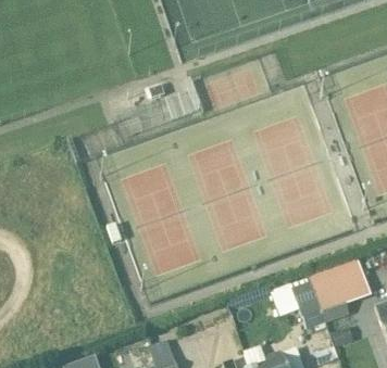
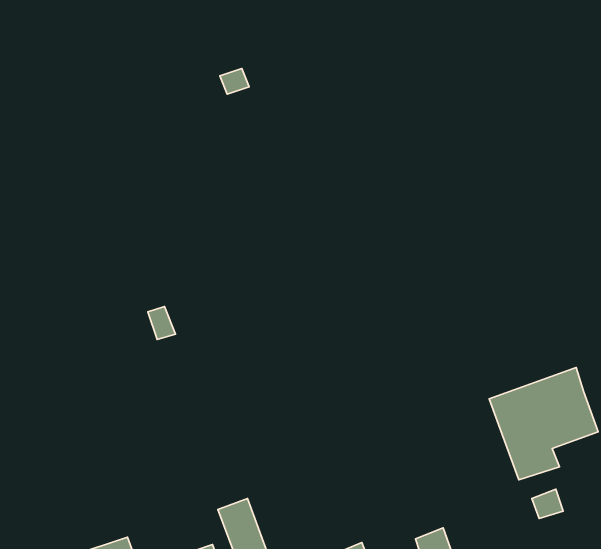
building: [295,289,326,329] -> none

